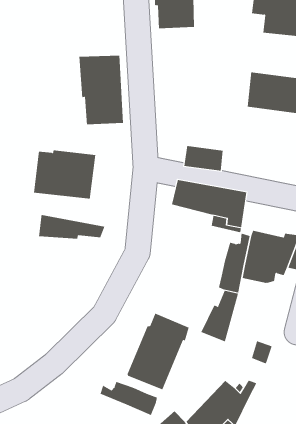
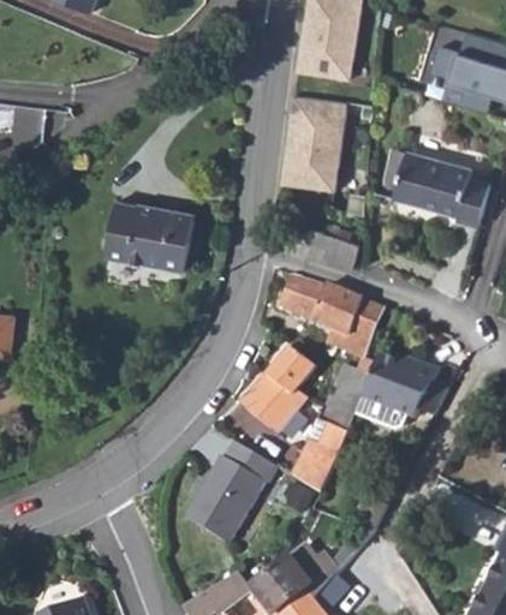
building: [79,55,124,125] -> [286,96,345,192]
building: [39,214,105,239] -> none
building: none -> [240,346,315,435]
building: [100,381,157,416] -> none

